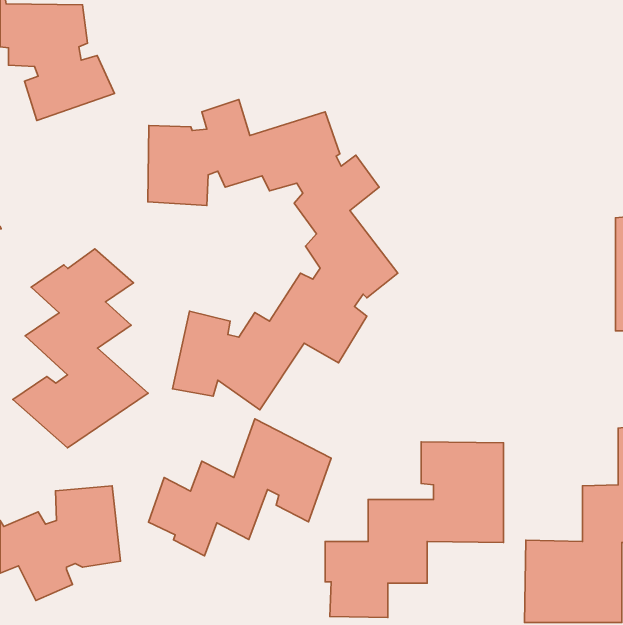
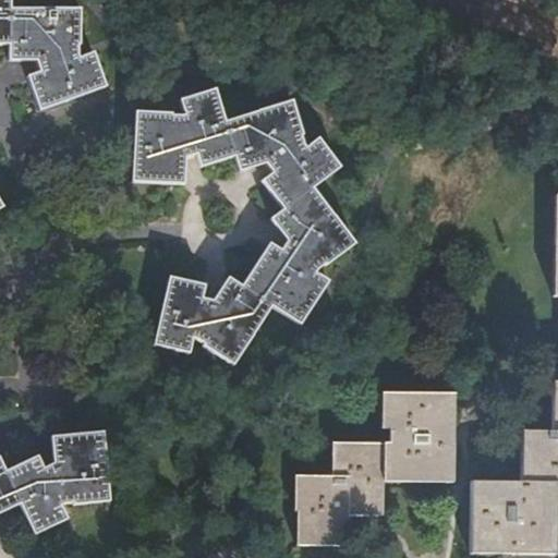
building: [13,249,148,448] -> none
building: [148,419,331,556] -> none

